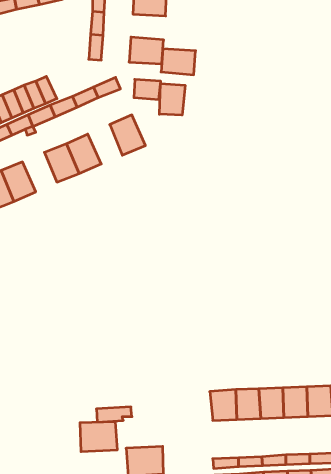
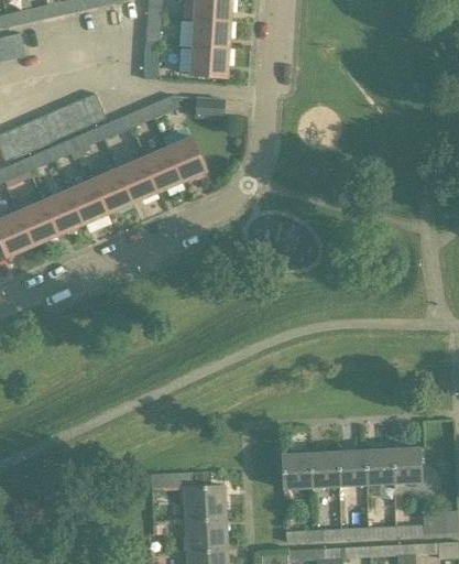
building: [161,49,196,75] -> [190,21,230,51]
building: [159,83,185,115] -> none
building: none -> [141,148,181,193]
building: none -> [66,180,106,225]
building: [80,422,117,452] -> [184,485,227,519]

